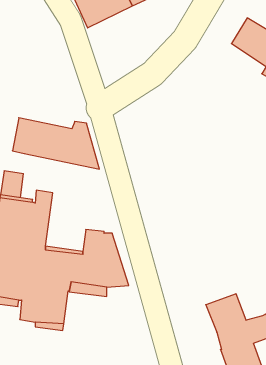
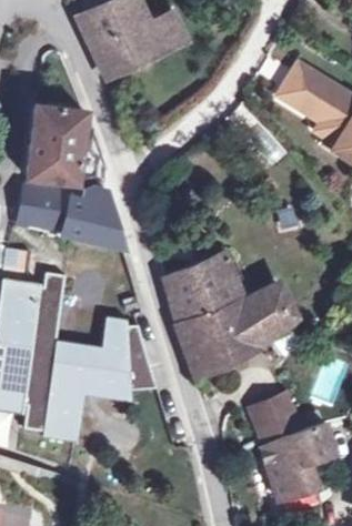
building: none -> [26,105,84,182]
building: none -> [165,253,294,377]

